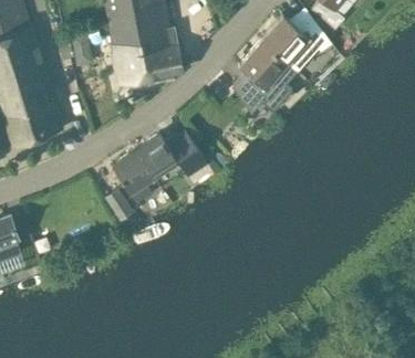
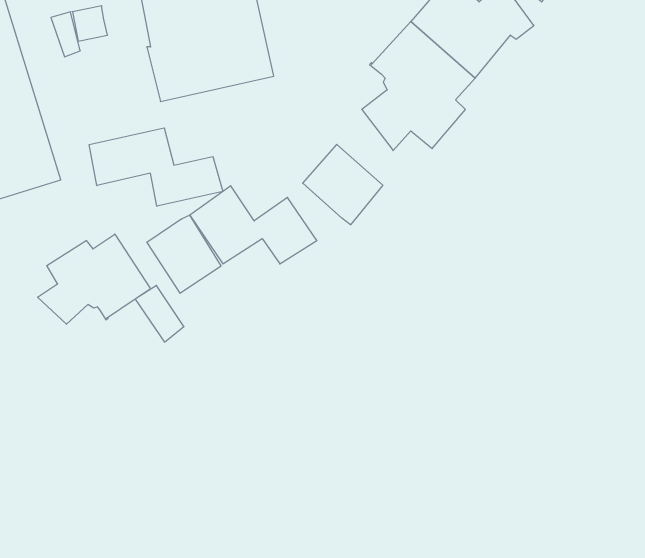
building: none -> [89,128,223,206]
building: none -> [303,144,383,225]
building: none -> [38,234,150,324]

